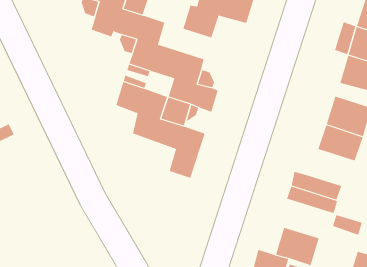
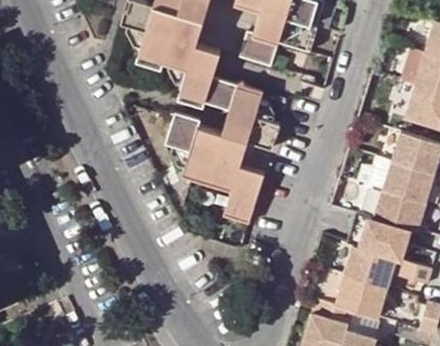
building: none -> [376,191,426,233]
building: none -> [347,247,395,289]

